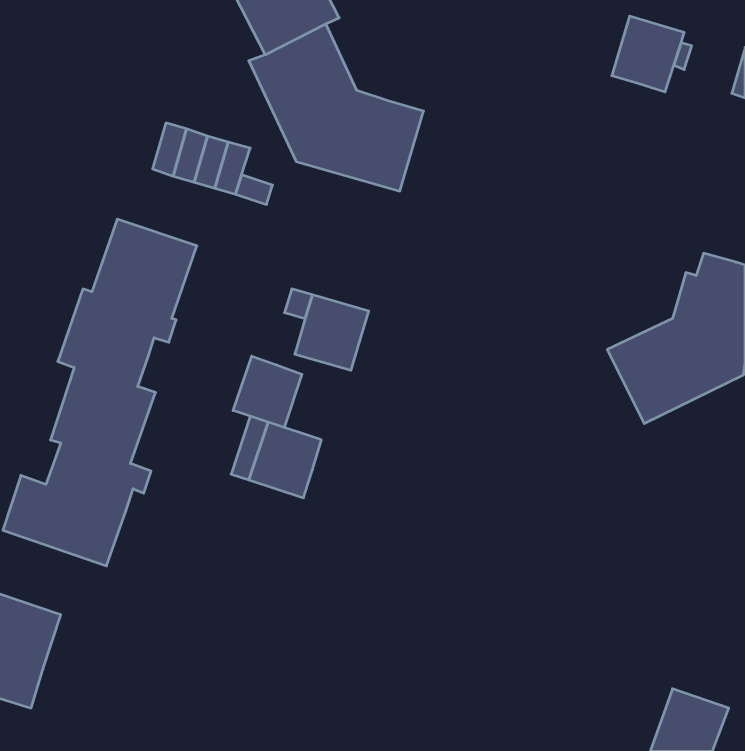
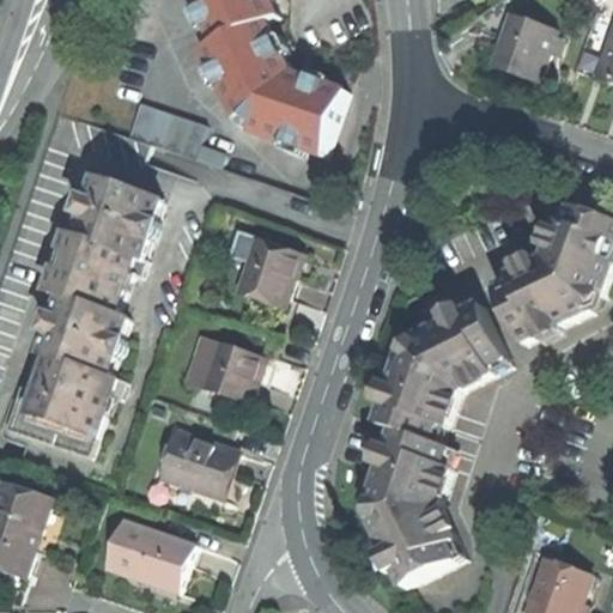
building: [233,356,302,428] -> none
building: none -> [363,304,508,587]
building: none -> [157,427,235,497]
building: none -> [103,518,190,590]

